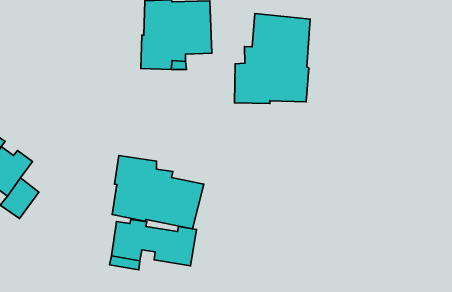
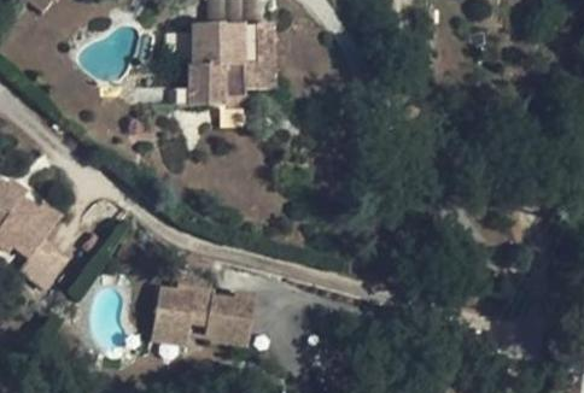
building: [234,13,310,103] -> none
building: [112,155,204,229] -> none

